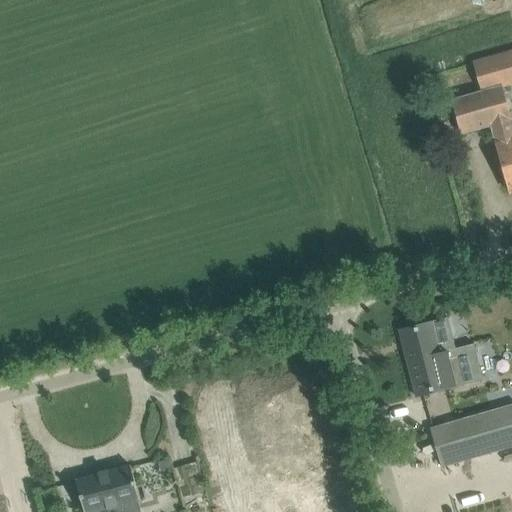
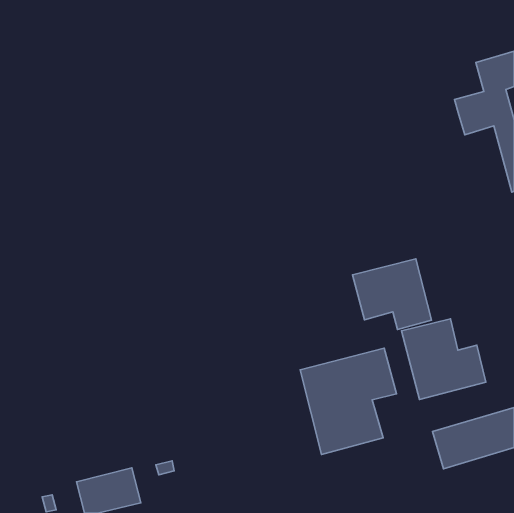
building: none -> [352,259,431,329]
building: none -> [300,348,396,454]

